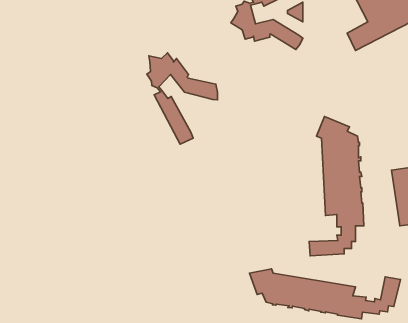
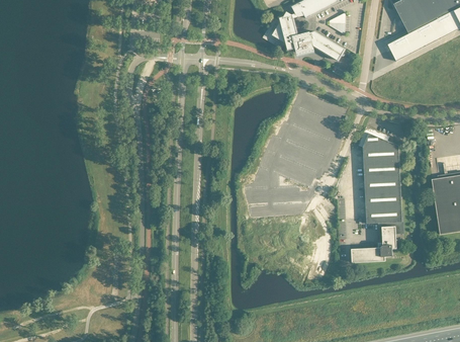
building: [147,53,218,144] -> none
building: [249,269,401,319] -> none

